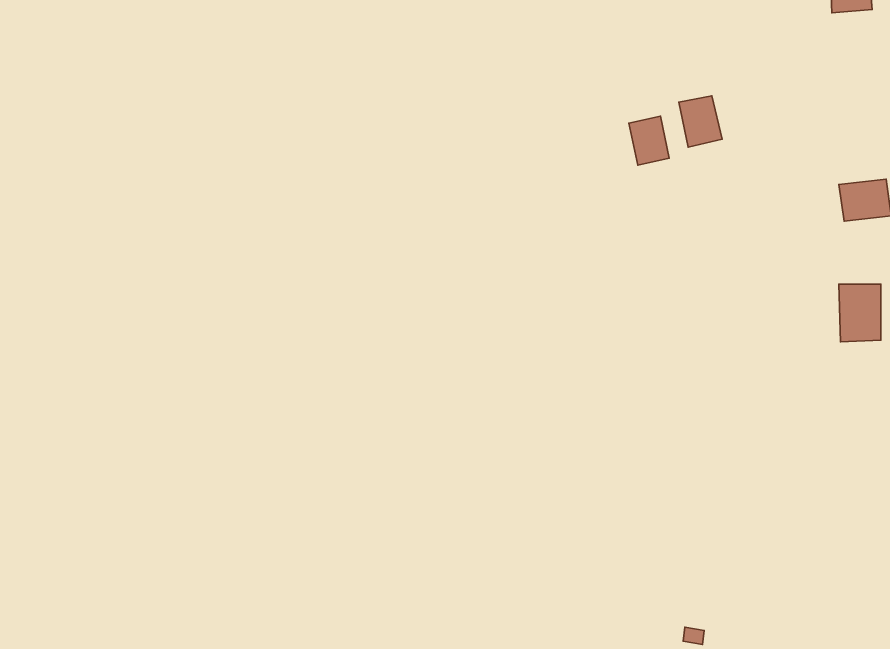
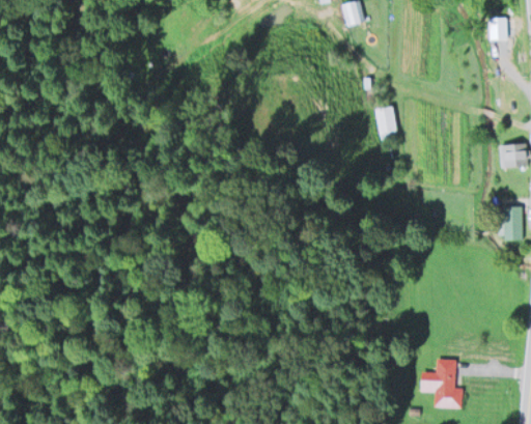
building: [679,96,722,147] -> none
building: none -> [432,358,463,408]

